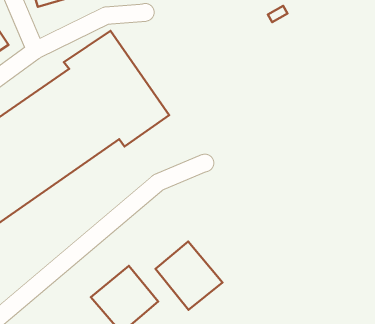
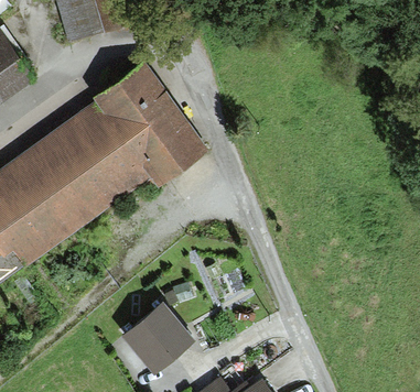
building: [156,242,222,310] -> none

